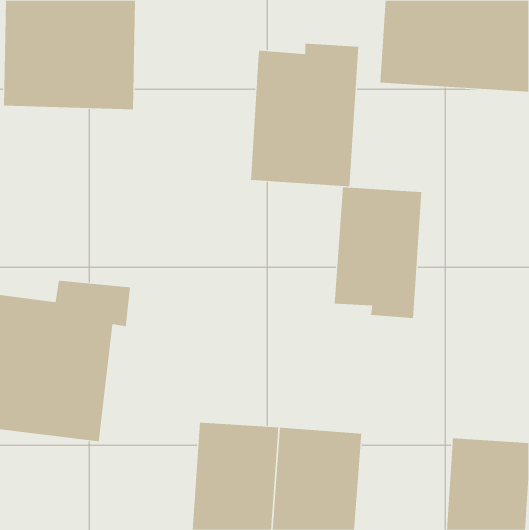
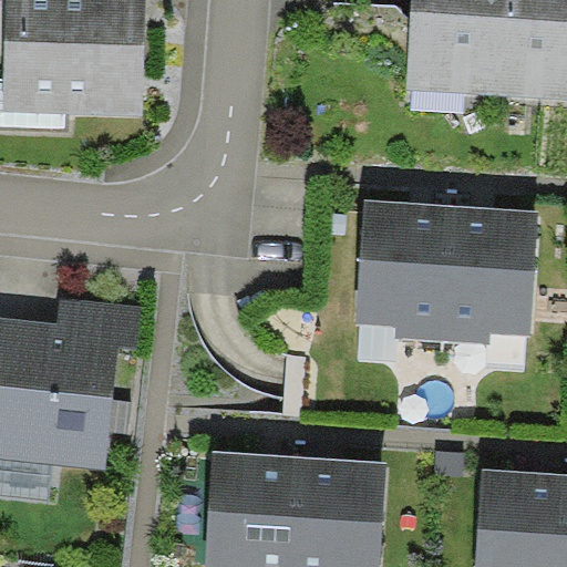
building: [251,43,359,187] -> none
building: none -> [442,205,538,343]

